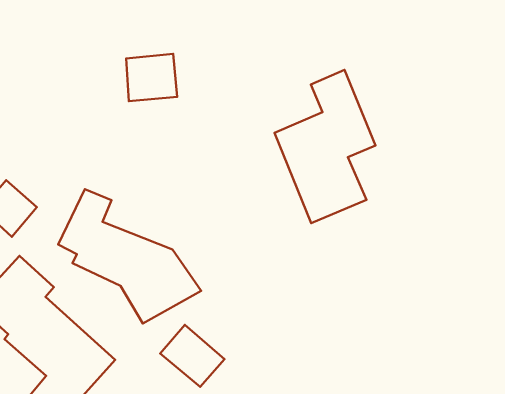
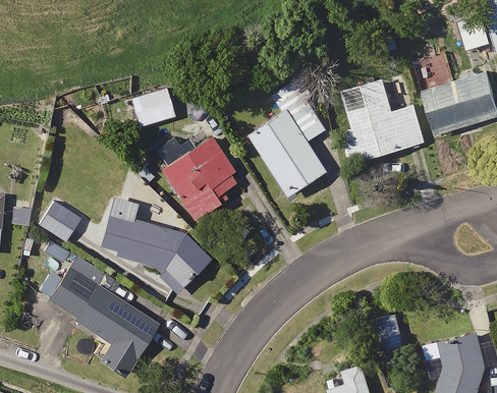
building: none -> [340,77,424,163]
building: none -> [154,137,235,218]
building: [160,325,224,387] -> none

